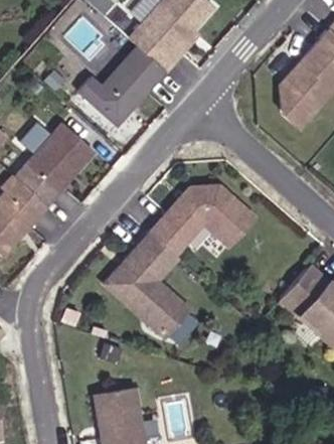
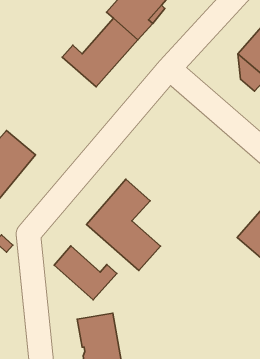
building: [24,122,93,192] -> none
building: [151,185,256,255] -> none
building: none -> [54,246,117,300]

